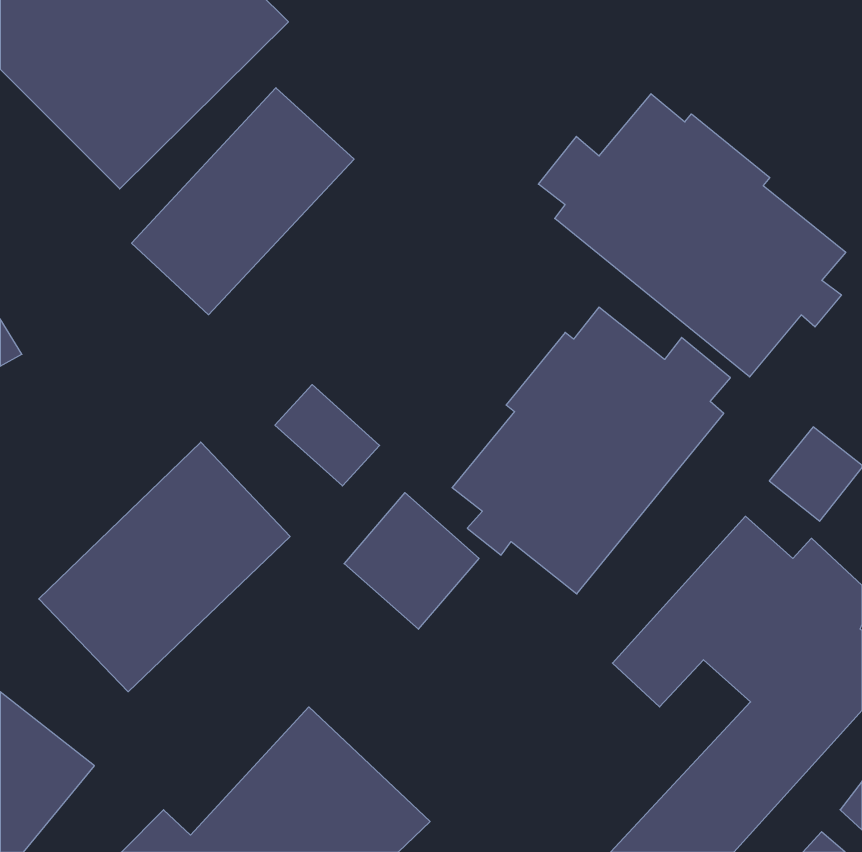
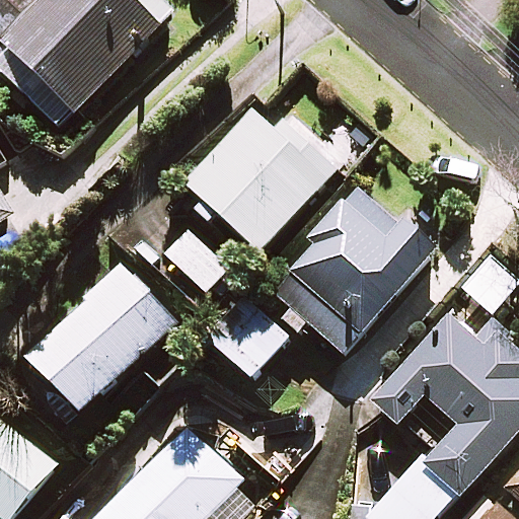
building: [132,88,354,315] -> none
building: [538,94,846,377] -> none
building: none -> [183,106,335,252]

